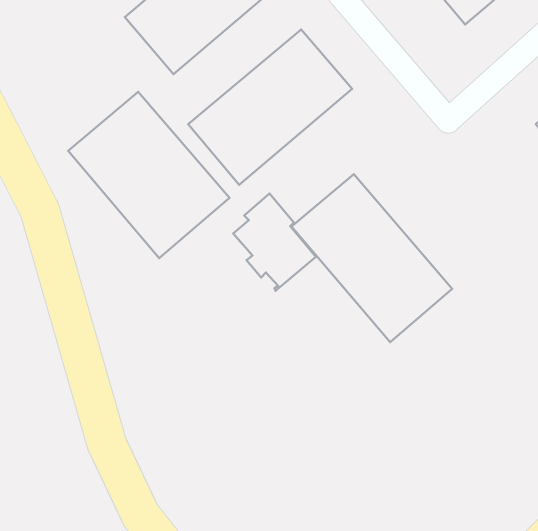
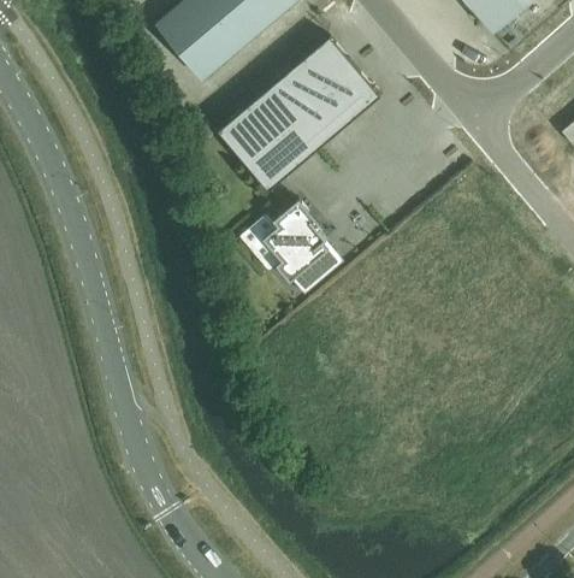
building: [68,92,230,258] -> none
building: [292,174,452,342] -> none

